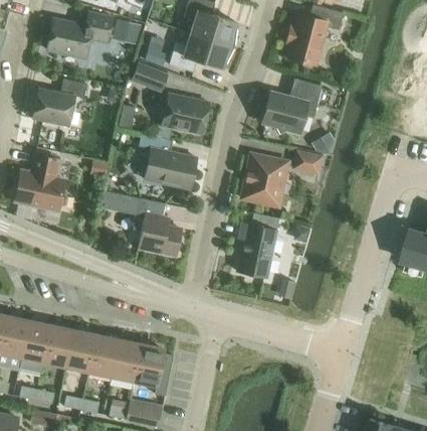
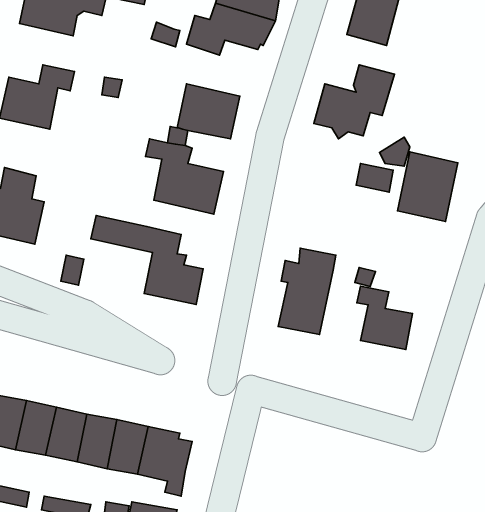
building: [133,64,167,91] -> none
building: [243,155,287,206] -> [398,152,458,222]
building: none -> [357,286,412,350]

